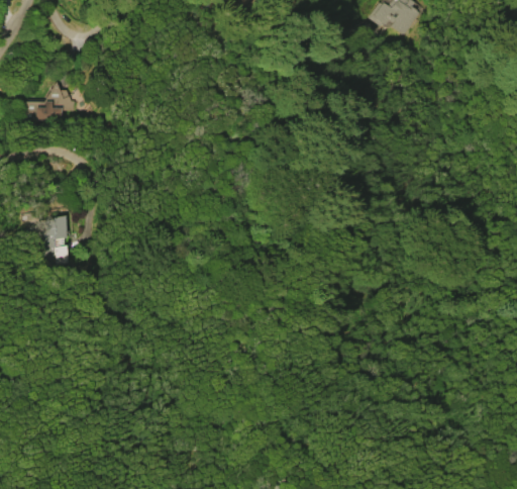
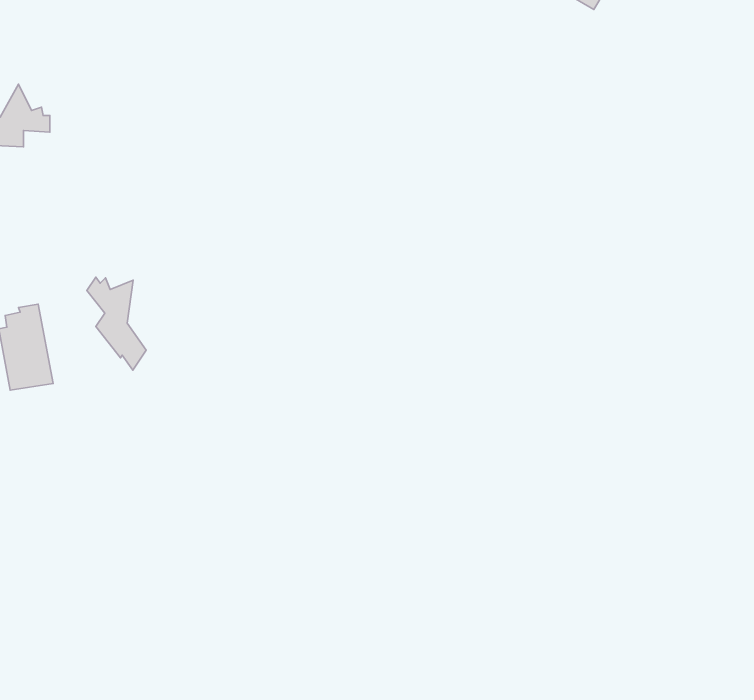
building: none -> [87,277,146,370]

